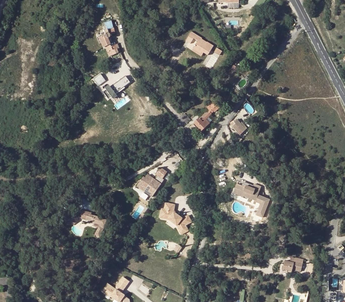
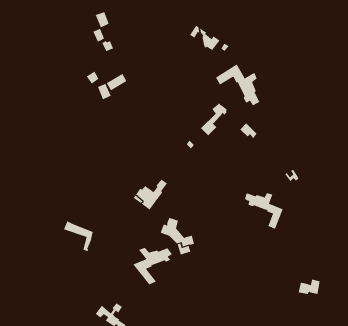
building: none -> [215,64,260,106]
building: none -> [133,247,173,285]

